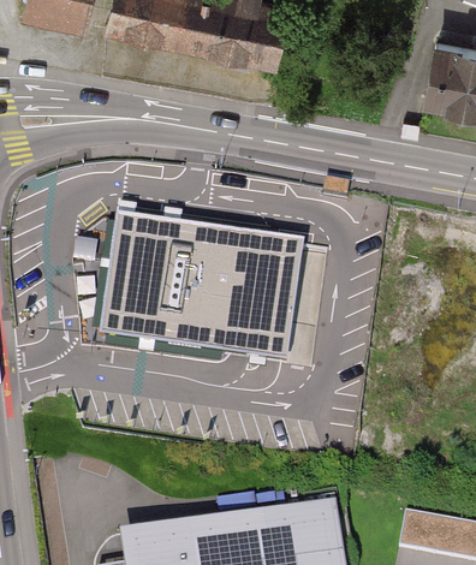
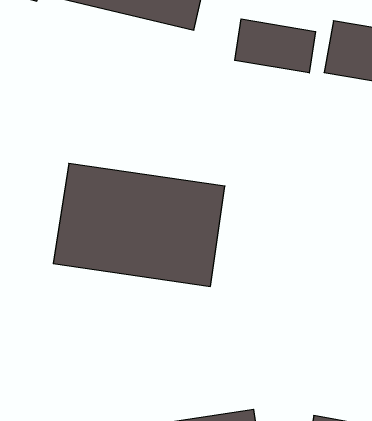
building: none -> [235,19,316,73]

